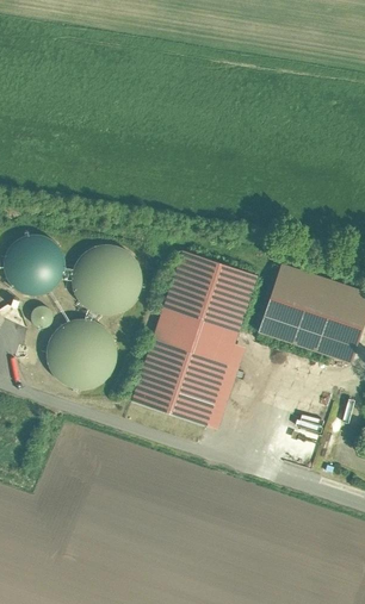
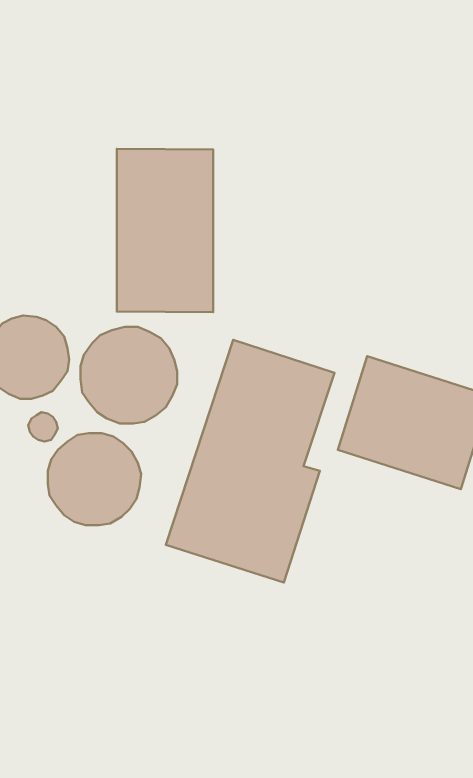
building: none -> [117,149,213,312]

